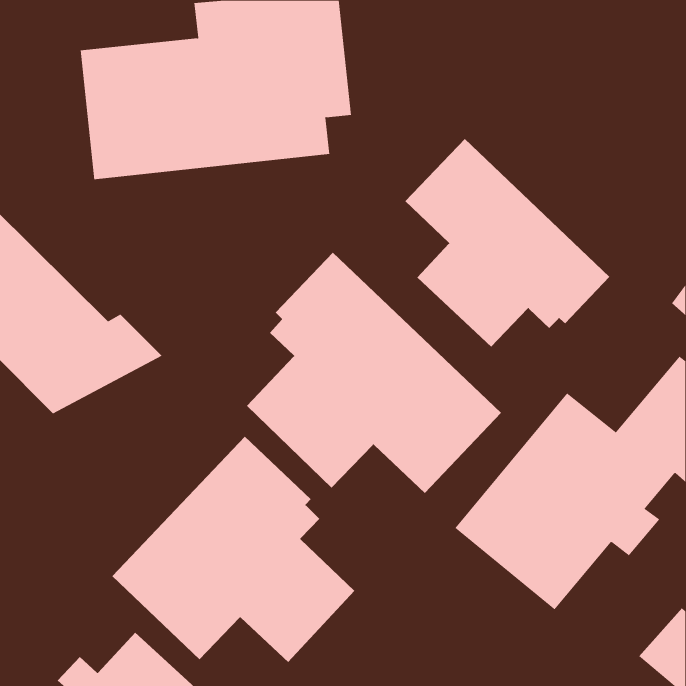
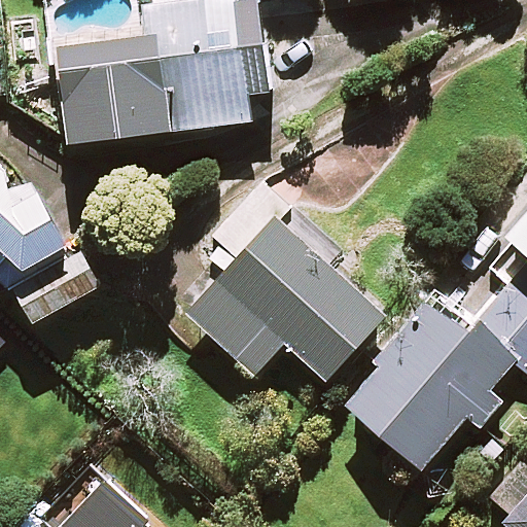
building: [404,138,610,347] -> none
building: [111,436,355,663] -> none

